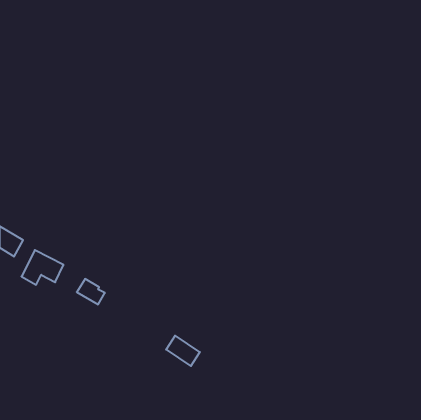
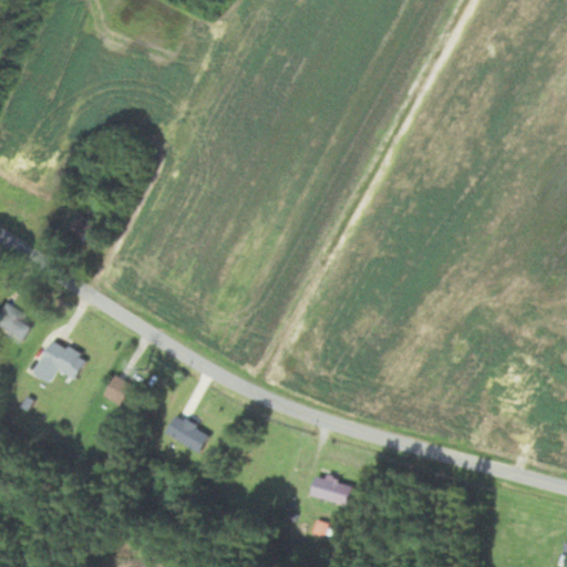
building: [166,336,200,366] -> [164,412,209,453]
building: none -> [308,475,352,507]

